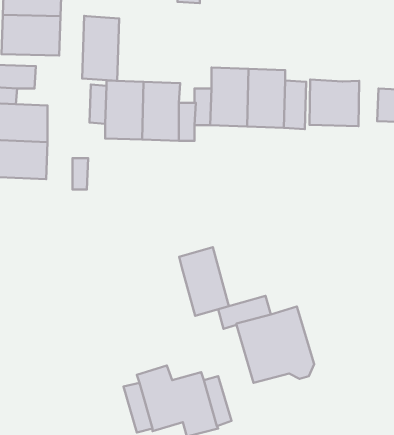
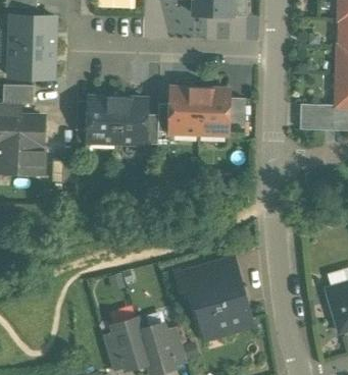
building: [82,16,119,81] -> none
building: [309,80,359,126] -> none
building: [179,247,229,316] -> none

